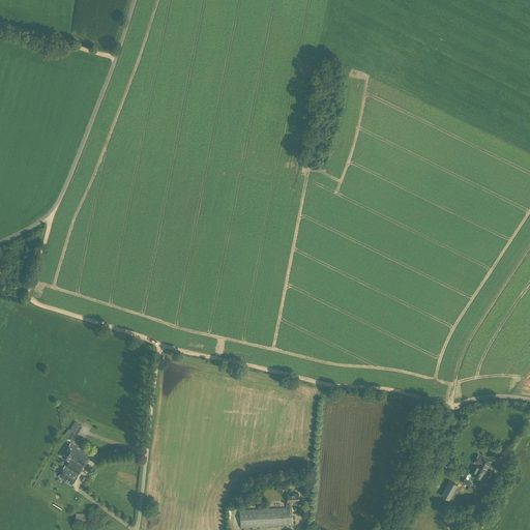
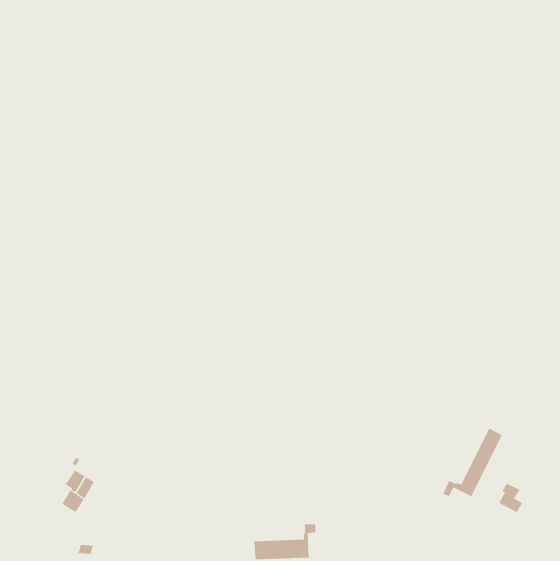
building: none -> [442,428,503,497]

